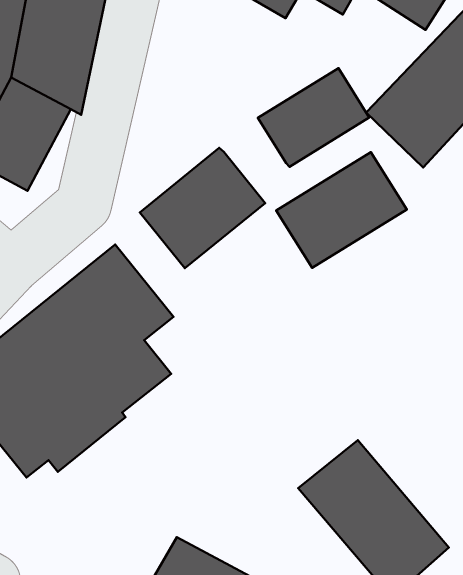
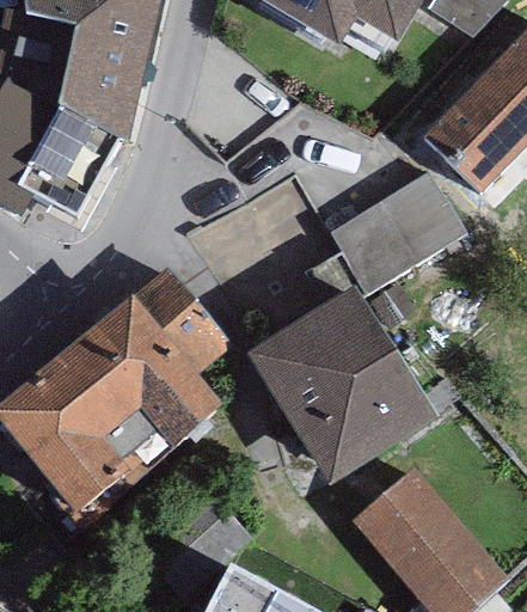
building: [258,68,369,167] -> none
building: [140,148,265,268] -> none
building: none -> [246,286,436,482]

